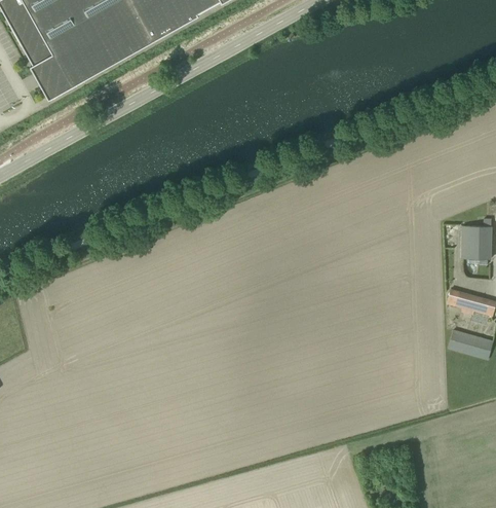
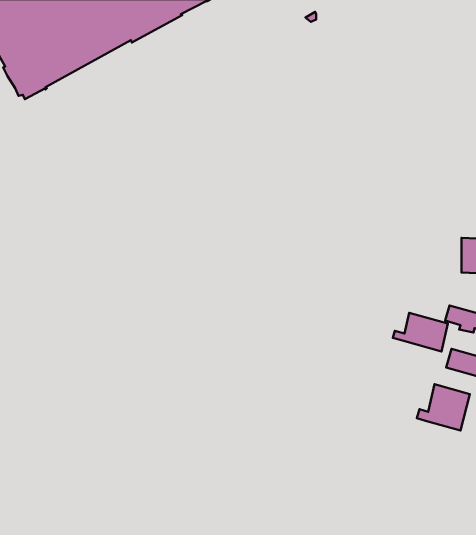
building: none -> [393,313,448,351]
building: none -> [417,384,470,431]

